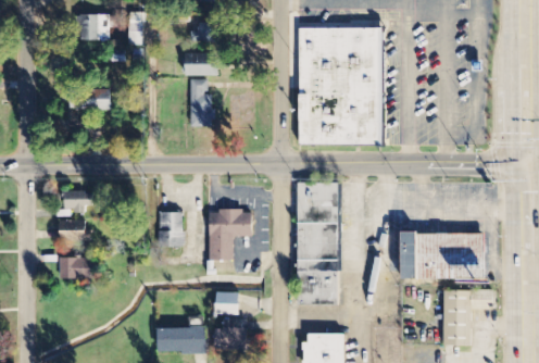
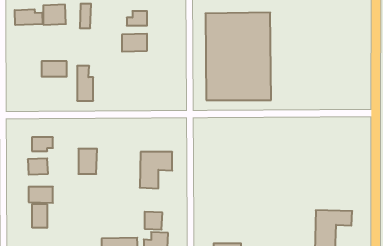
building: none -> [15,9,43,25]
building: [191,80,213,127] -> [77,66,93,101]
building: [296,182,337,303] -> none
building: [159,213,184,247] -> [78,149,97,174]
building: [397,230,482,277] -> none
building: none -> [32,204,47,228]

